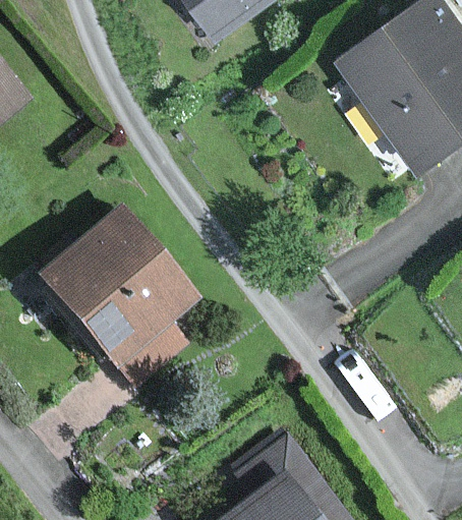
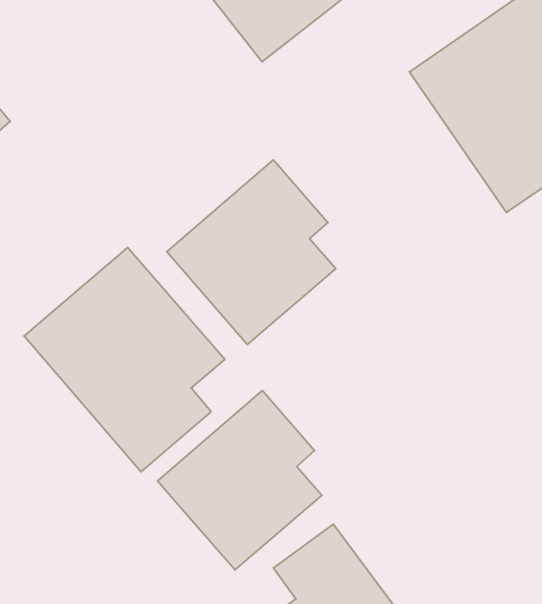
building: none -> [167,160,336,344]
building: none -> [158,391,322,570]

